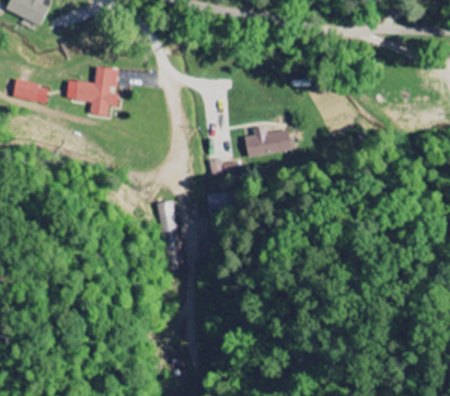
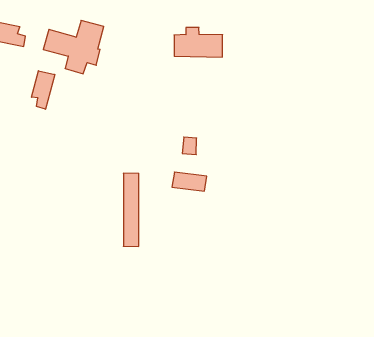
building: none -> [32,71,55,109]
building: [243,126,291,157] -> [174,27,223,57]

